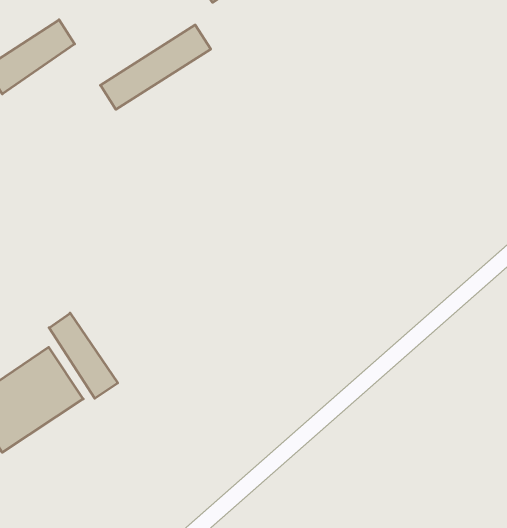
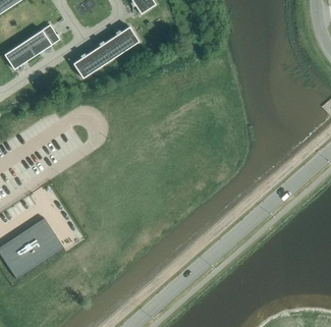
building: [49,313,118,398] -> none

